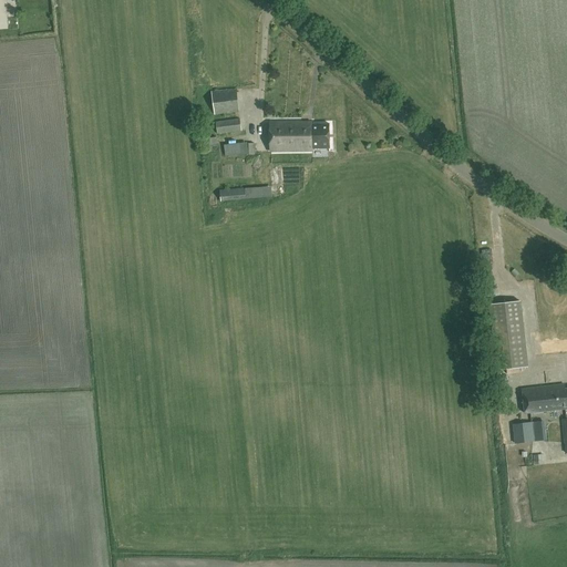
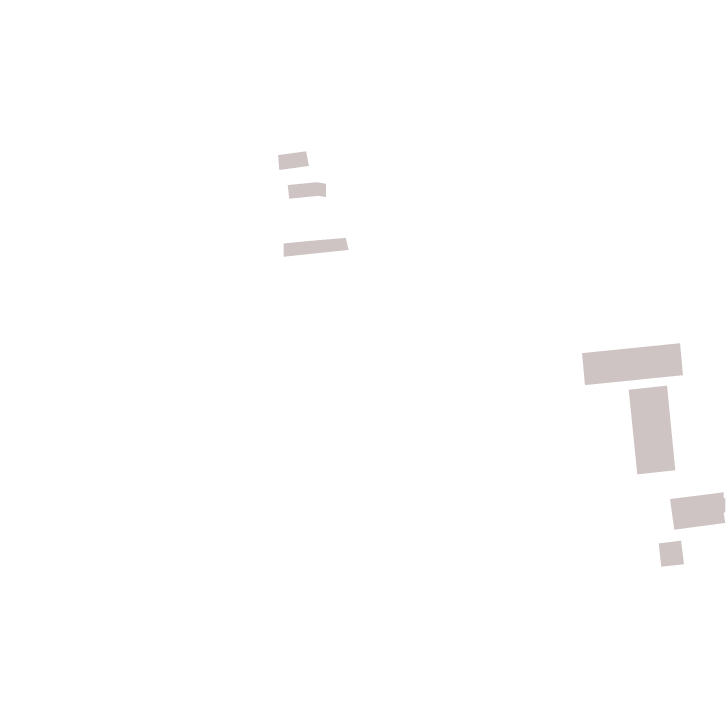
building: [212,89,239,114] -> none
building: [269,121,329,150] -> none
building: none -> [581,343,684,386]

